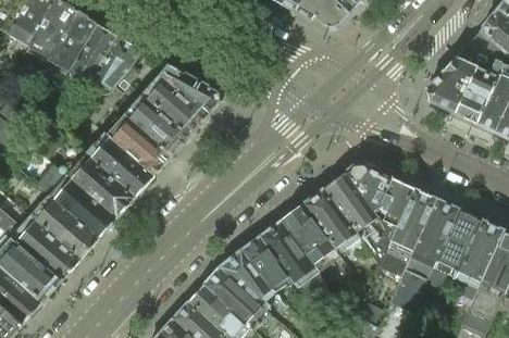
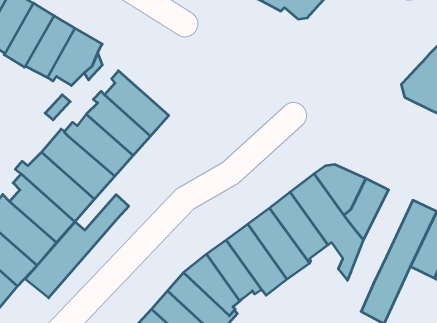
building: [157,64,220,117] -> none
building: [377,188,436,276] -> none
building: none -> [25,195,129,298]

